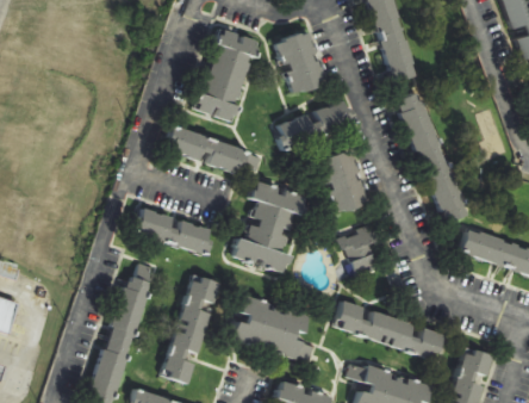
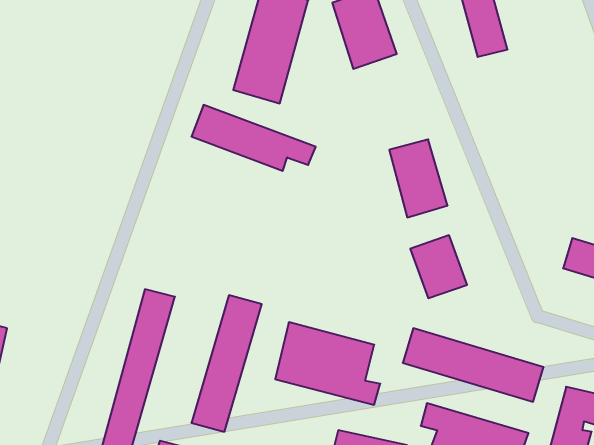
building: [397,92,466,222] -> none
building: [274,98,355,150] -> none
building: [234,181,309,274] -> none
building: [133,207,212,254] -> none

